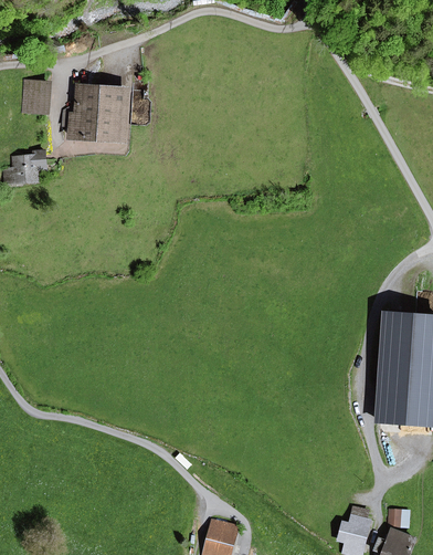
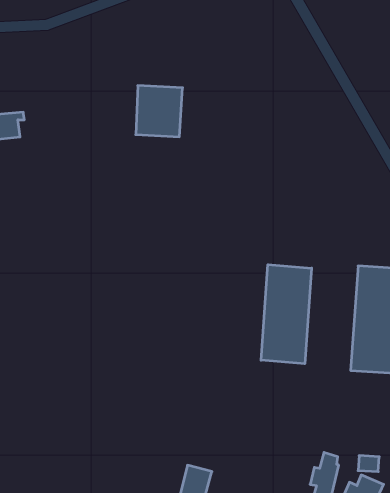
building: [22,81,47,112] -> none
building: [75,86,124,139] -> [136,86,183,137]
building: none -> [261,265,312,364]

